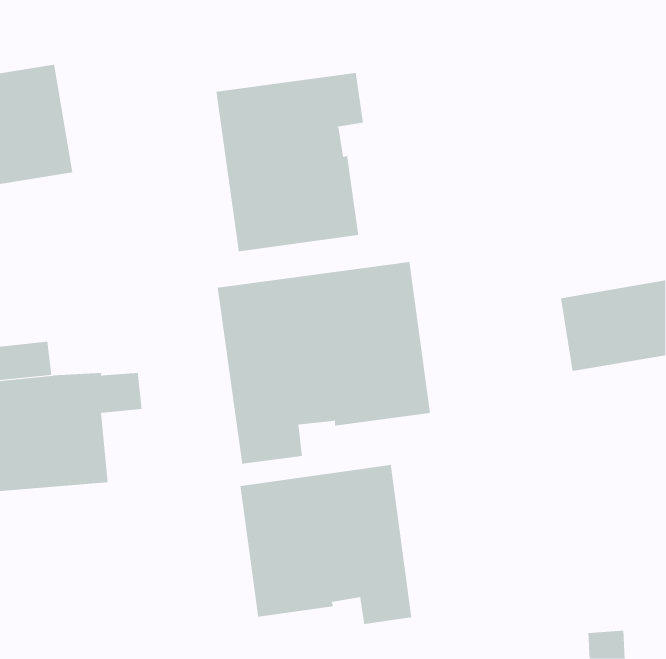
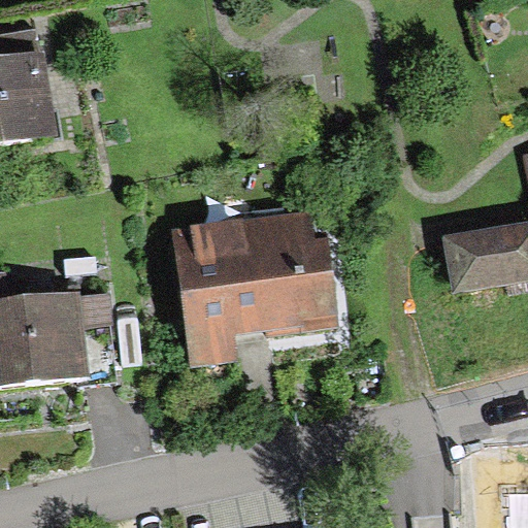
building: [216,72,364,252] -> none
building: [240,464,412,625] -> none

